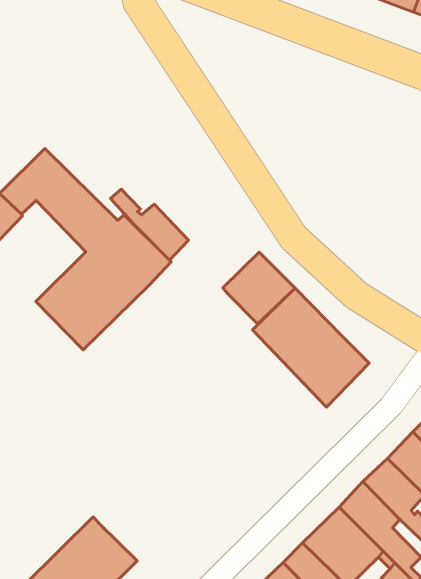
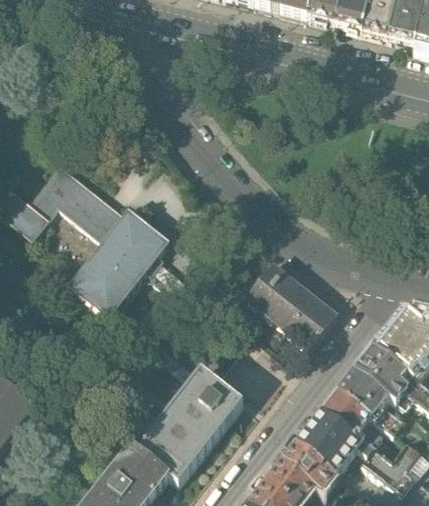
building: [110,189,189,260] -> none
building: [223,252,295,324] -> none
building: none -> [137,368,243,483]

